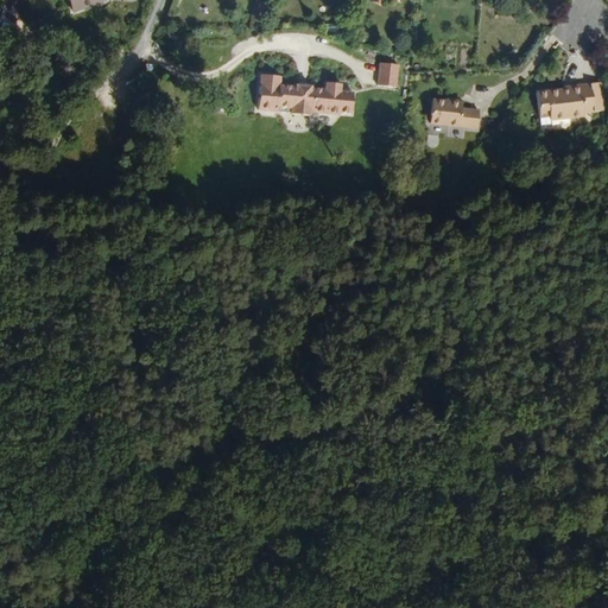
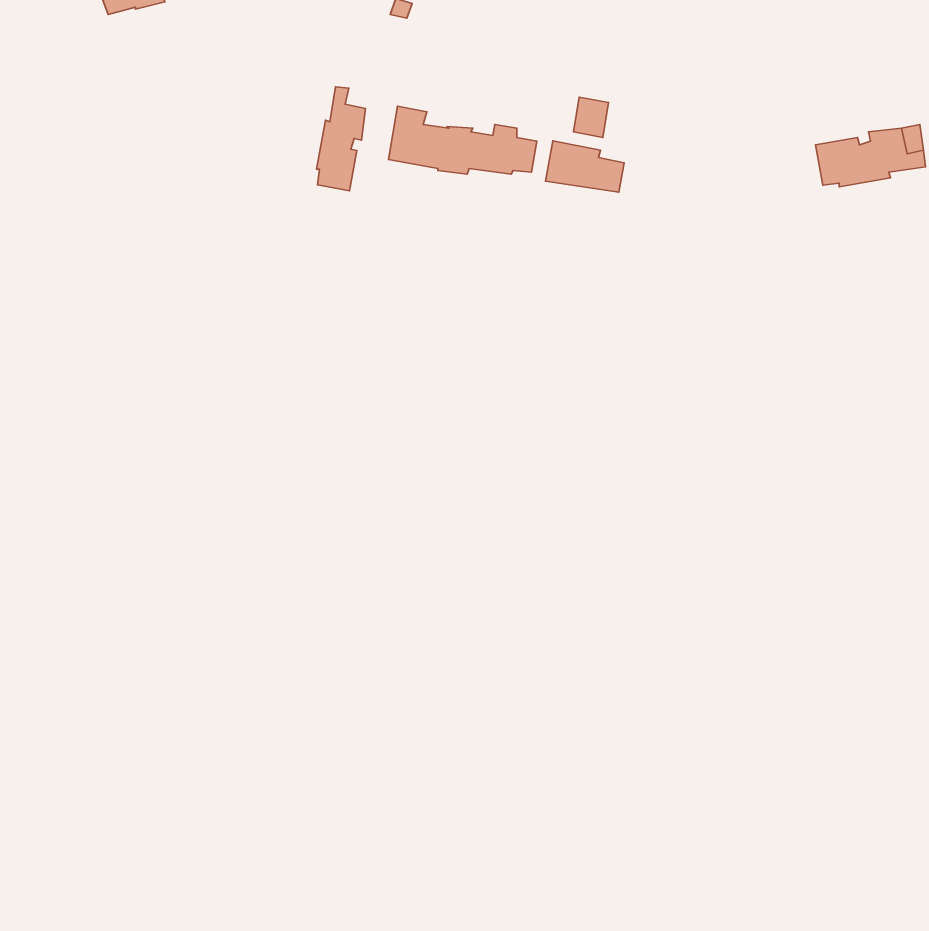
building: none -> [317,87,366,191]
building: [428,95,479,128] -> [545,141,624,192]

